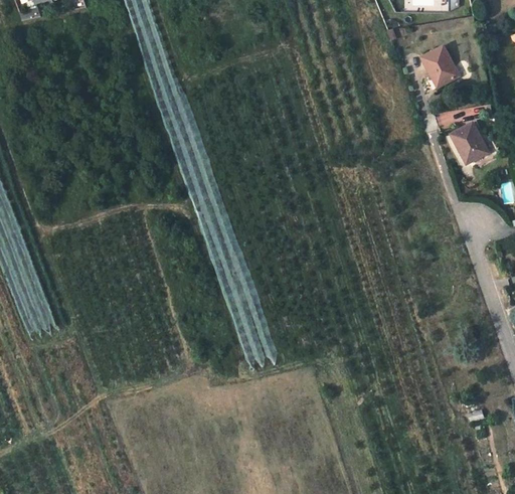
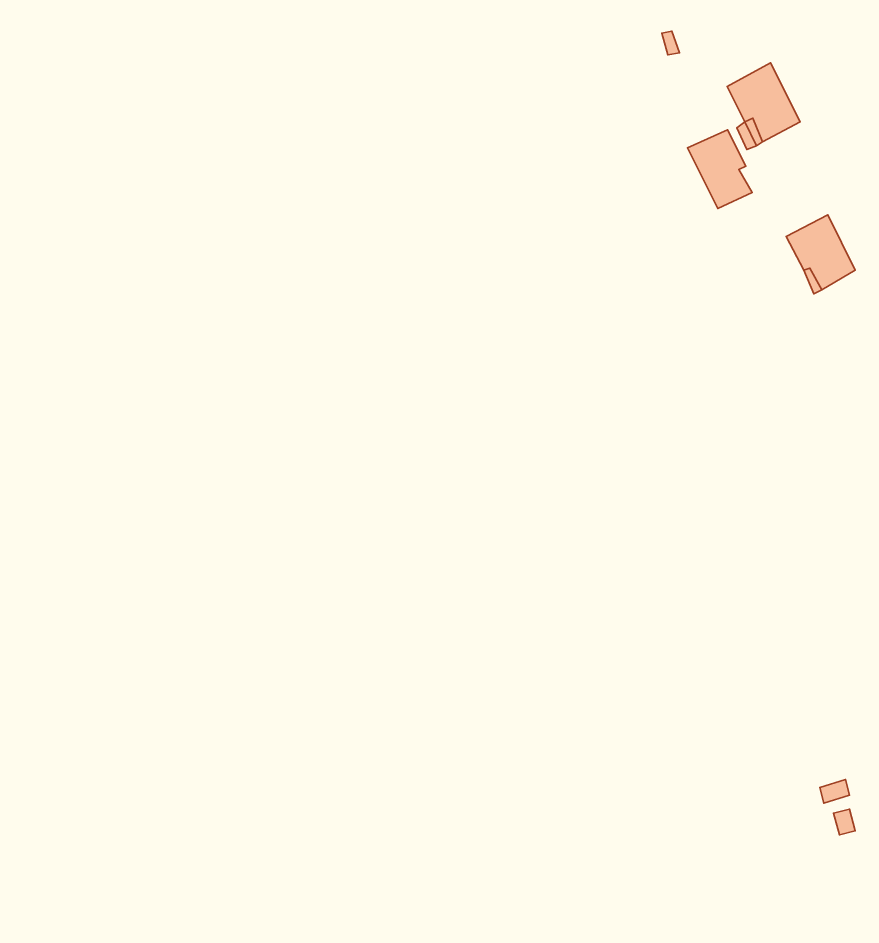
building: none -> [688,130,752,208]

